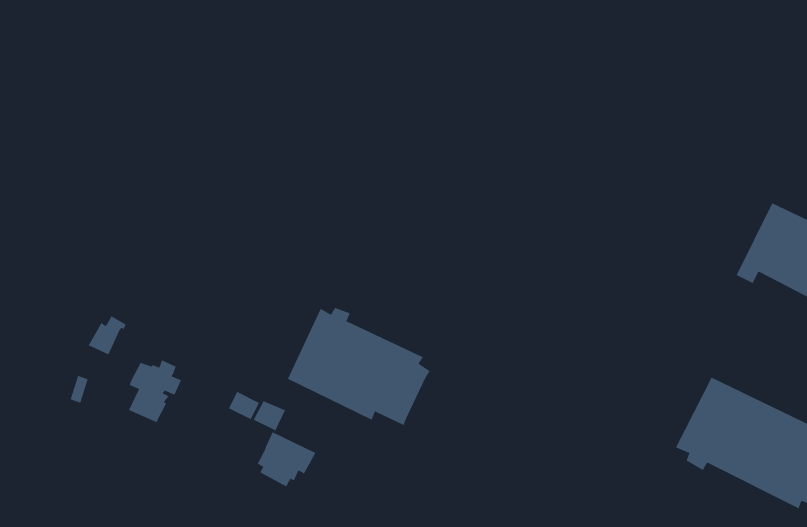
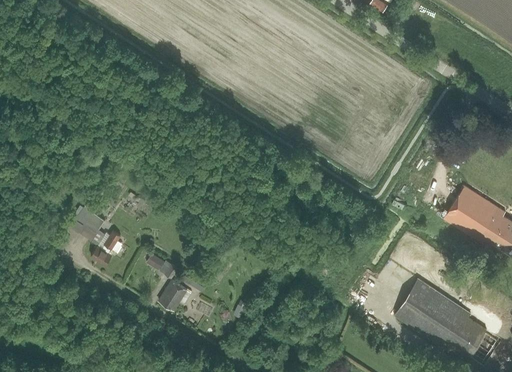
building: [287,307,430,426] -> none
building: none -> [72,210,107,240]

